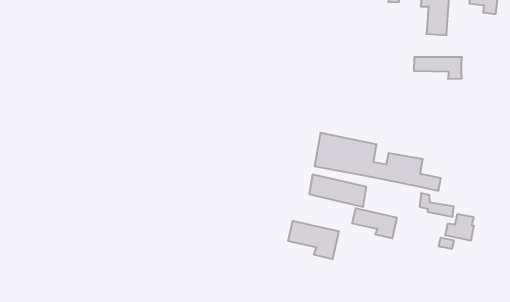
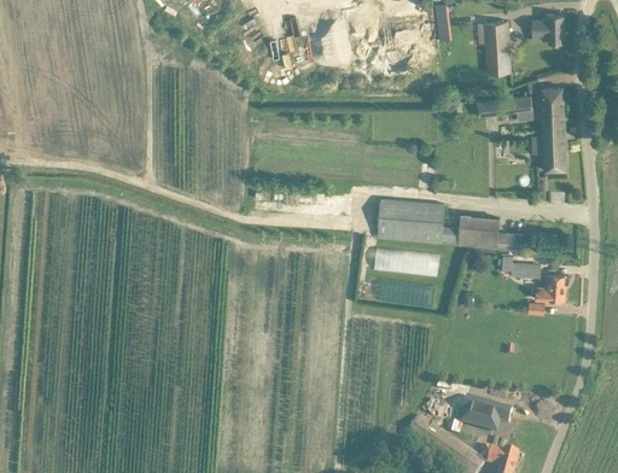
building: none -> [541,88,566,171]
building: [352,208,397,239] -> none
building: [288,221,339,259] -> none

